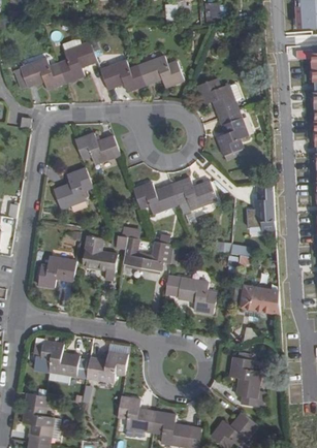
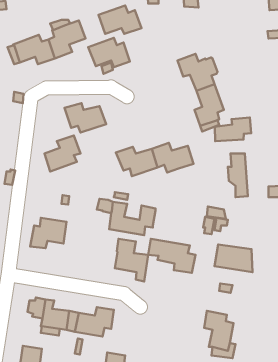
building: [137,53,184,84] -> [99,5,141,34]
building: none -> [215,117,251,141]
building: [81,234,117,281] -> [115,239,148,281]

